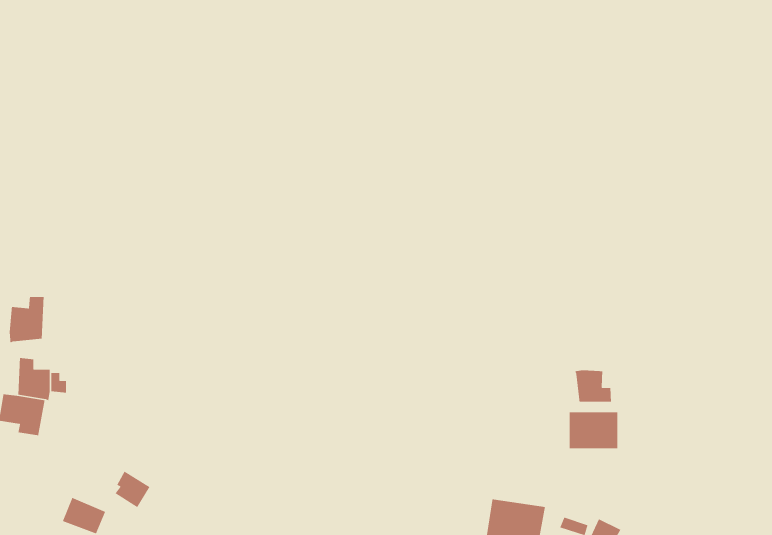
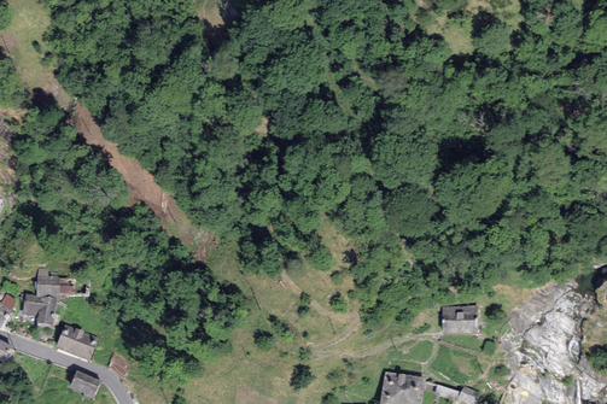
building: [9,296,45,344] -> none
building: [574,370,612,402] -> none
building: none -> [56,324,99,361]

